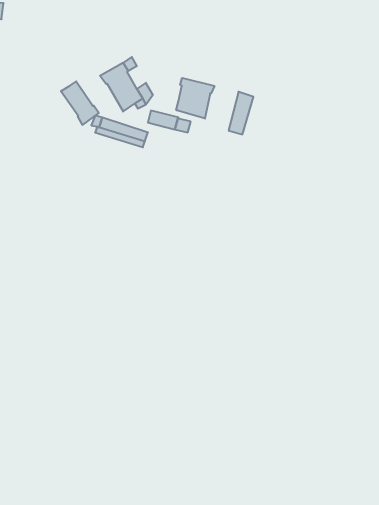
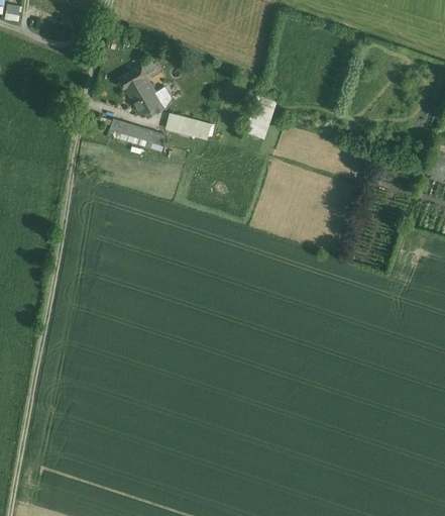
building: [176,78,214,119] -> none
building: [61,81,99,125] -> none

